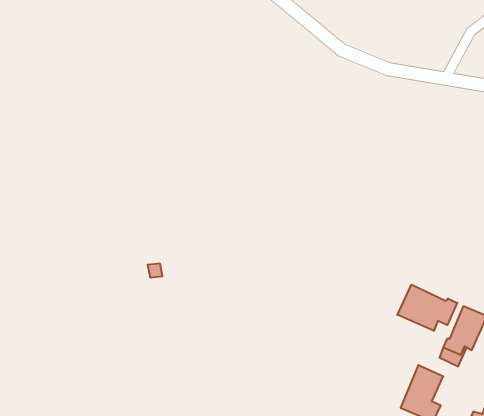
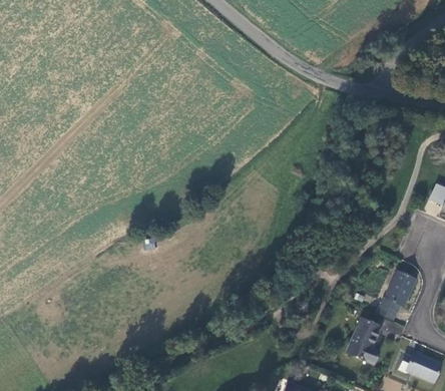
building: [397,285,457,331] -> none

